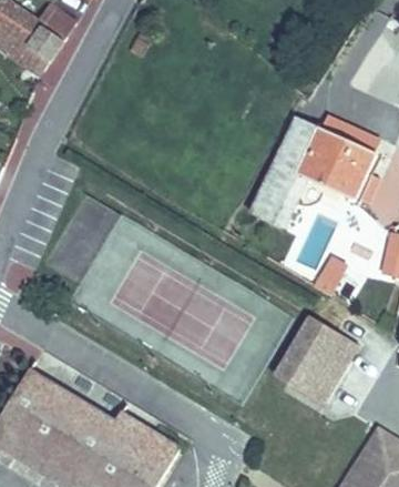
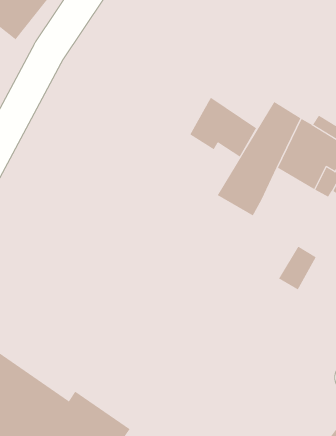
building: none -> [190,97,257,157]
building: [279,323,361,408] -> none

